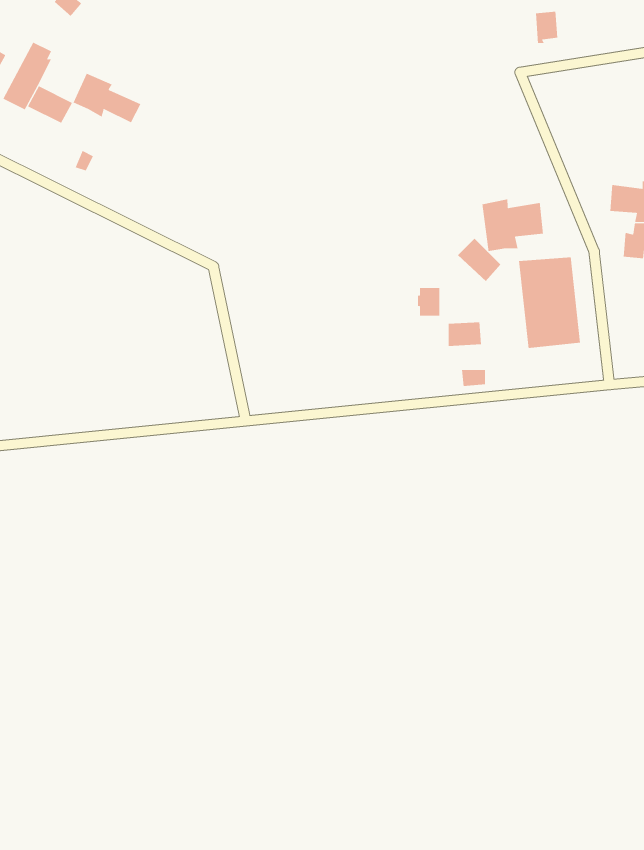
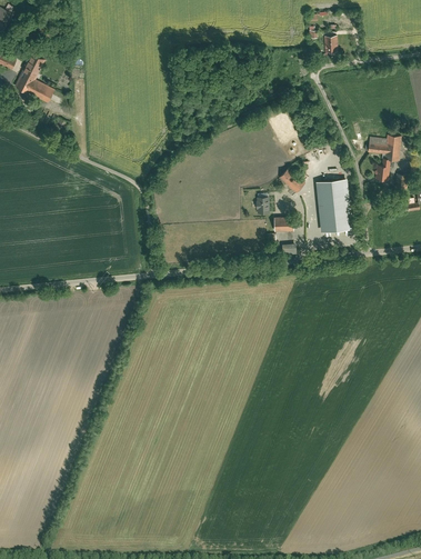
building: [73,73,141,123] -> none
building: [482,198,544,252] -> none

